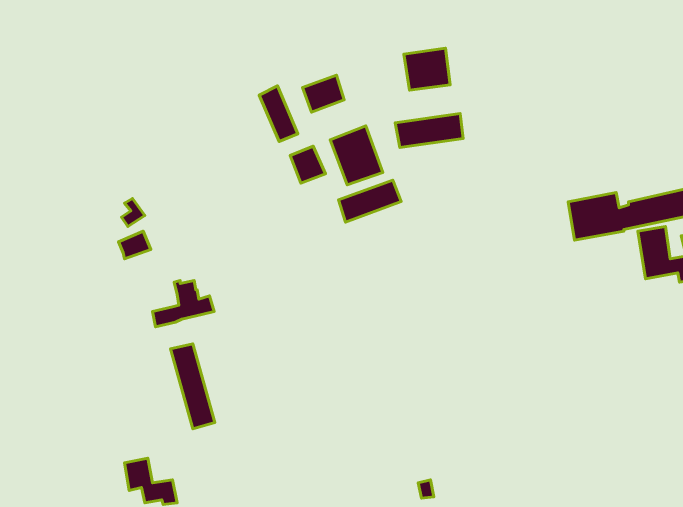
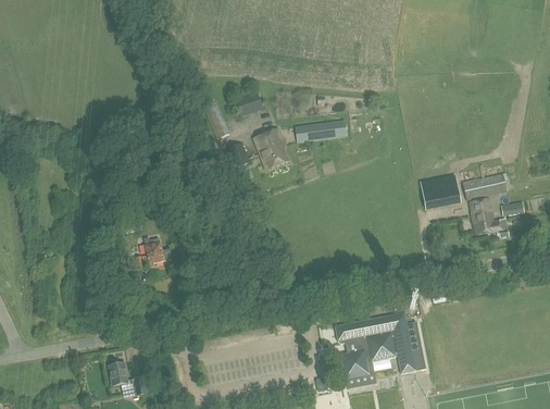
building: [404,48,450,90] -> none
building: [339,180,401,222] -> none
building: [170,344,215,429] -> none
building: none -> [334,312,424,377]

